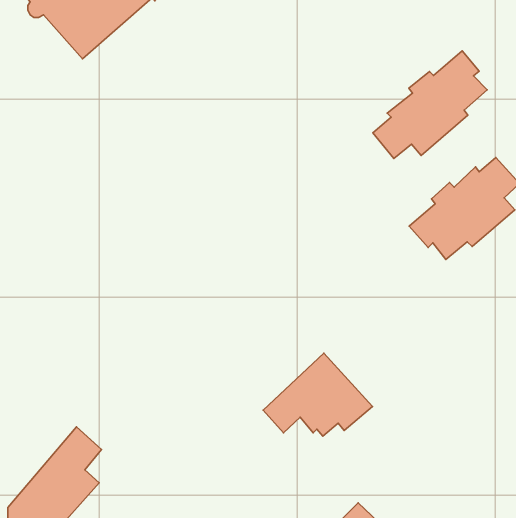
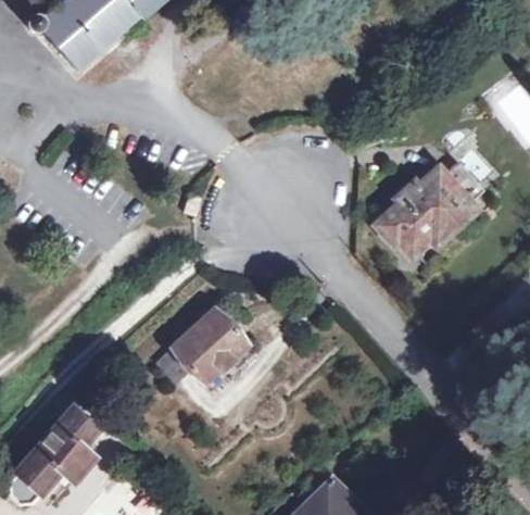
building: [373,51,487,159] -> none
building: [263,353,373,436] -> [157,306,257,382]

